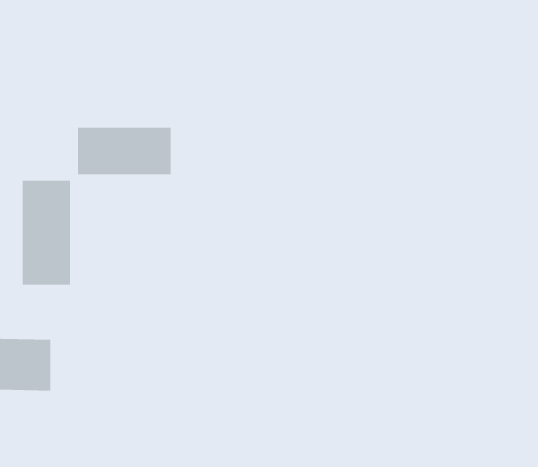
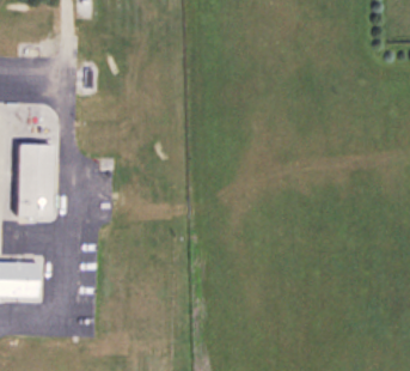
building: [77,127,171,175] -> none

